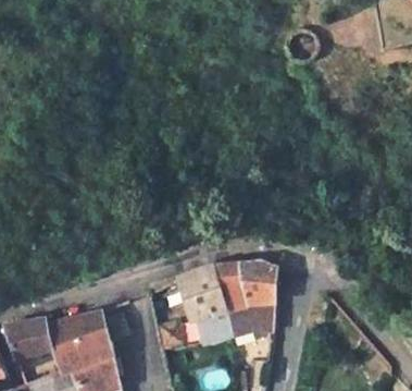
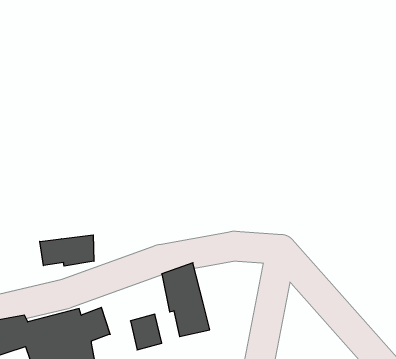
building: none -> [40,235,94,266]
building: [213,257,274,330] -> none

